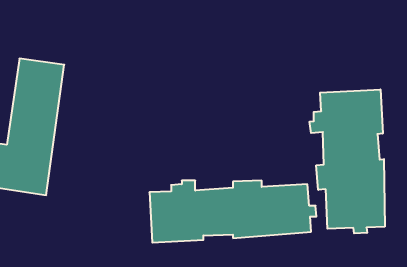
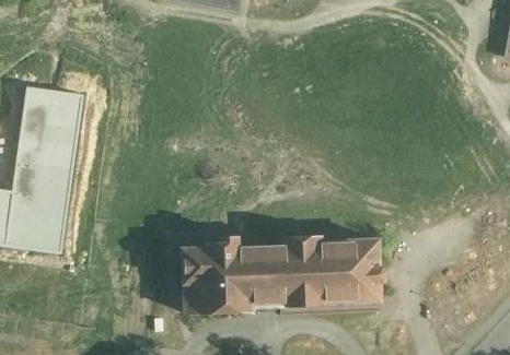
building: [310,89,385,233] -> none

